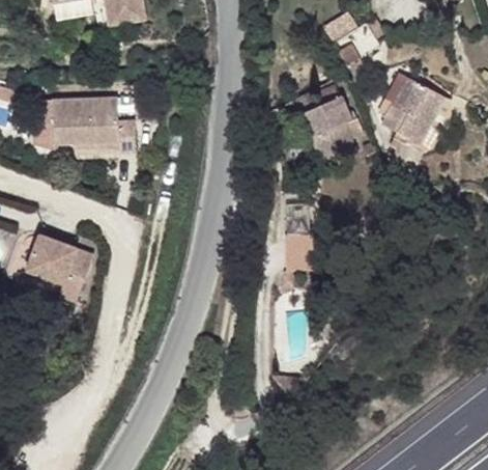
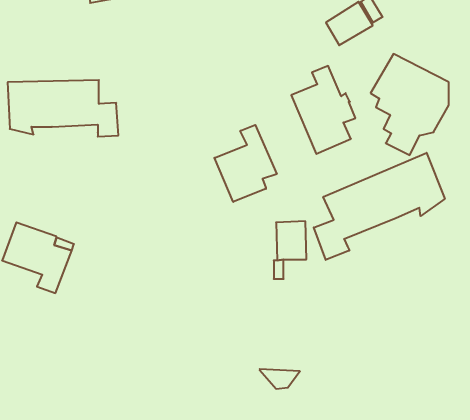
building: none -> [214,125,277,202]
building: none -> [314,153,445,260]

